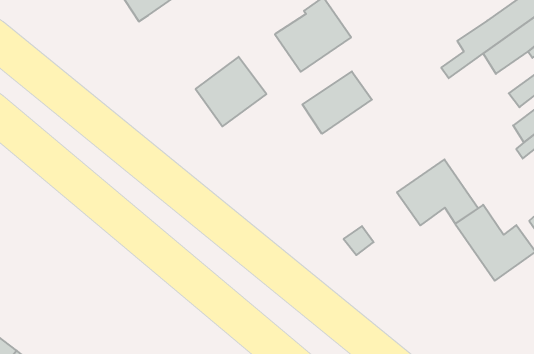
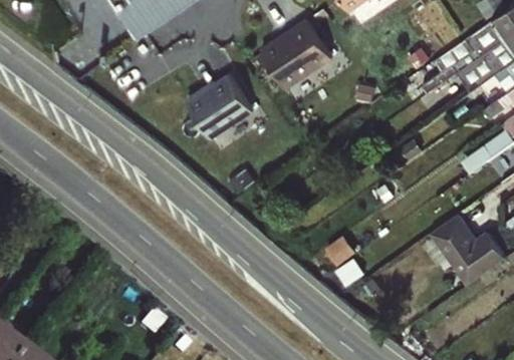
building: [302,71,372,134] -> none
building: [397,159,478,225] -> none

